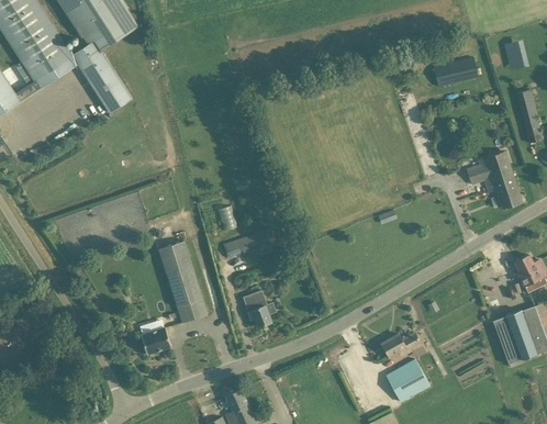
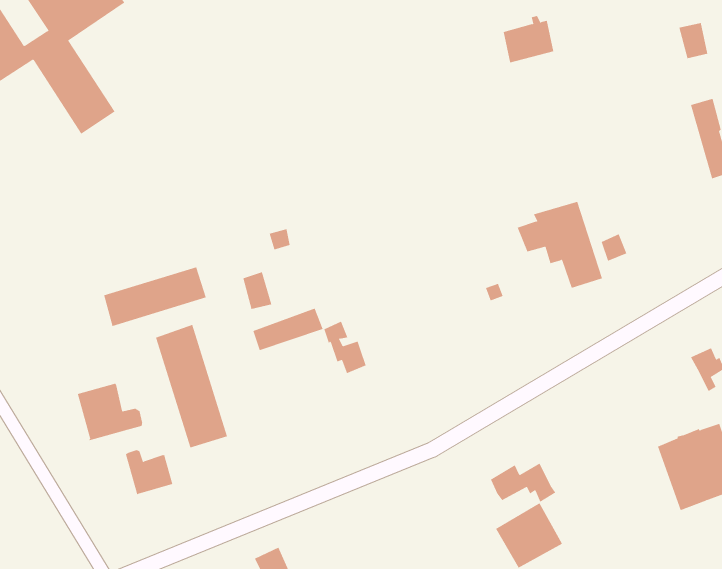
building: [443,53,477,85] -> [503,15,554,63]
building: [465,150,522,209] -> [517,201,603,289]
building: none -> [103,266,206,327]
building: none -> [77,383,143,441]
building: [242,291,270,326] -> [323,321,366,374]

